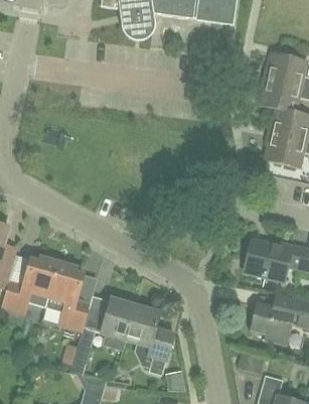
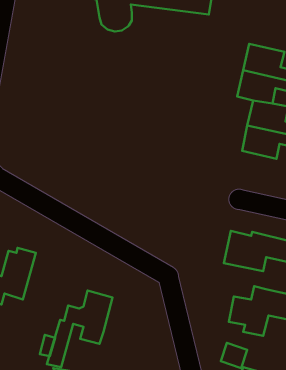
building: [45,261,90,329] -> none
building: [126,305,173,373] -> none

